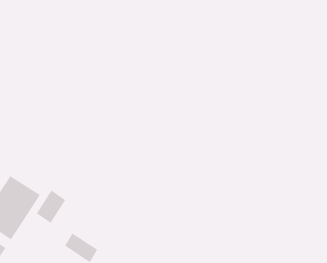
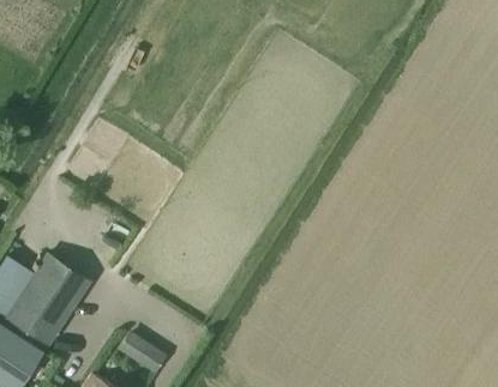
building: [36,190,66,224] -> none

